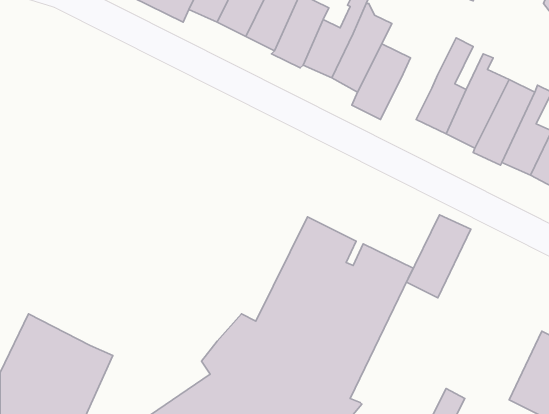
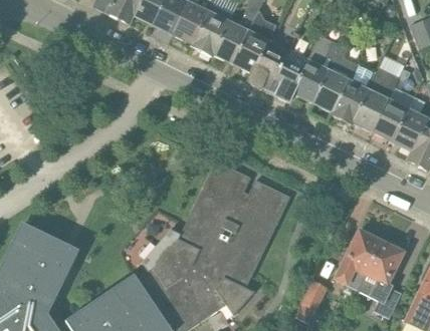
building: none -> [267,60,303,102]
building: [406,215,471,298] -> [336,231,381,289]

